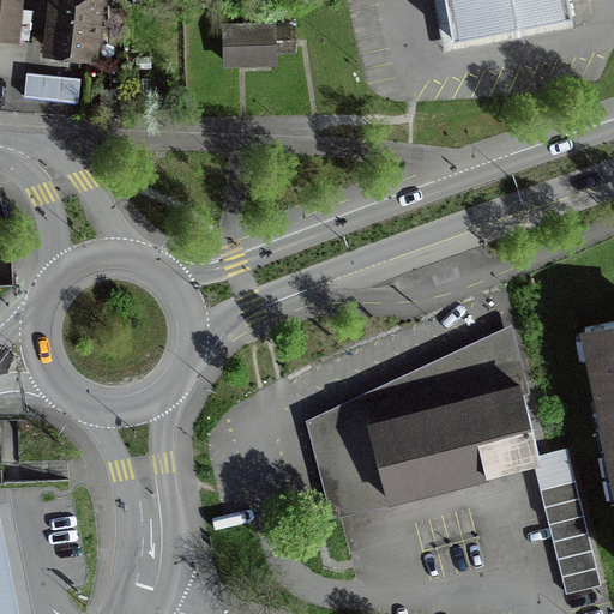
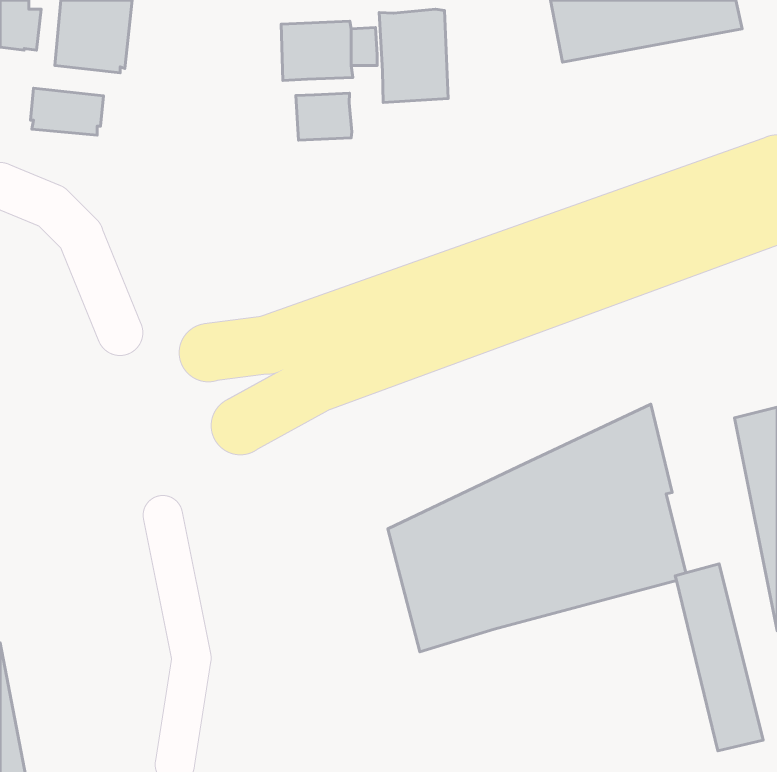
building: none -> [379,9,448,102]
building: none -> [296,93,352,140]

